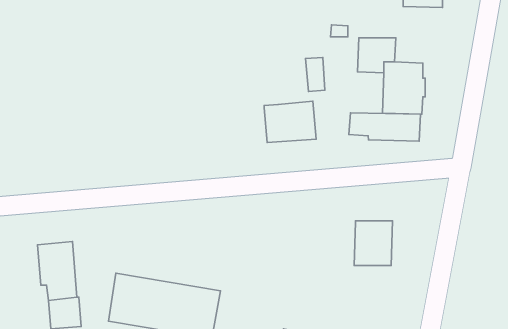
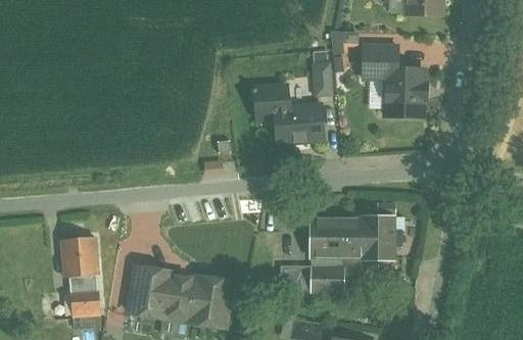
building: none -> [249,86,287,112]
building: [349,113,420,141] -> none
building: none -> [295,217,360,292]

